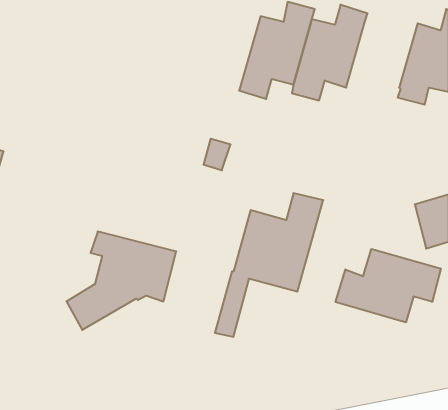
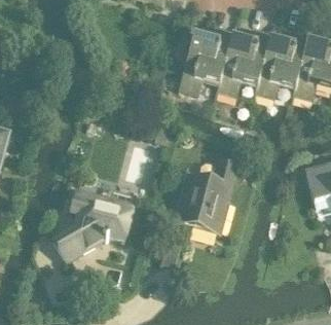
building: none -> [254,28,308,97]
building: [336,249,441,322] -> none

